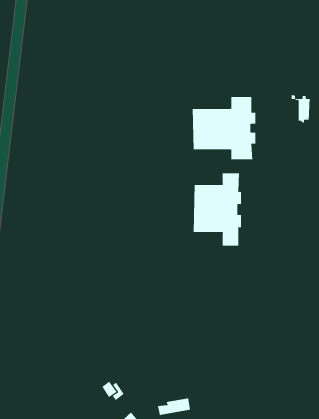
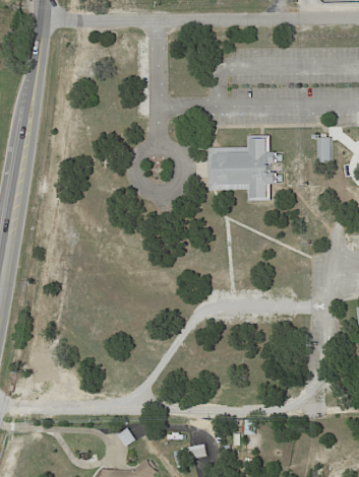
building: [193,173,242,247] -> none

